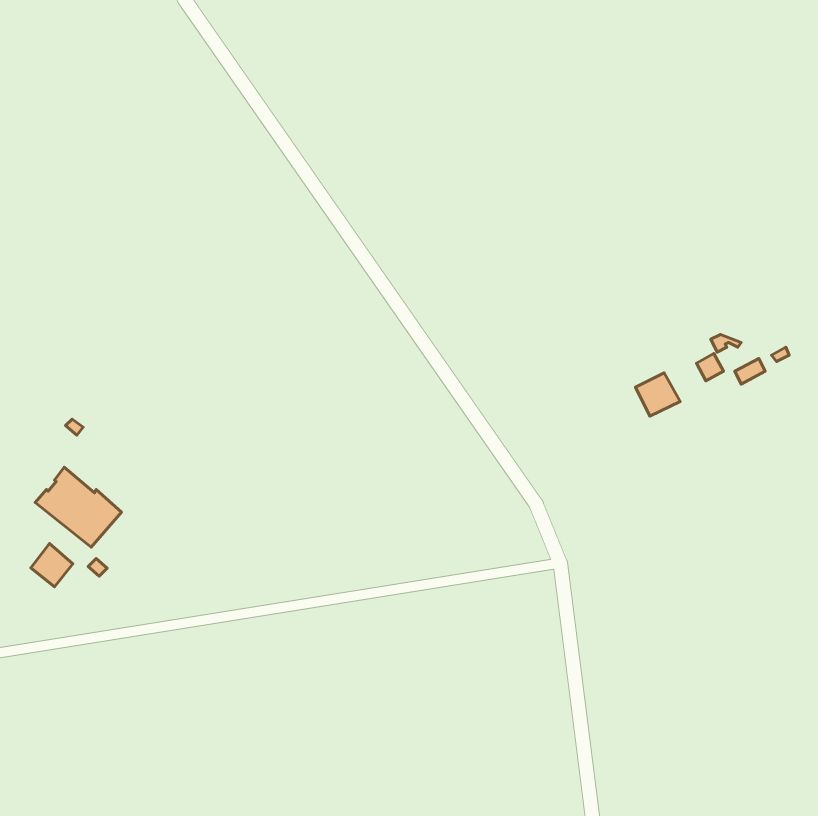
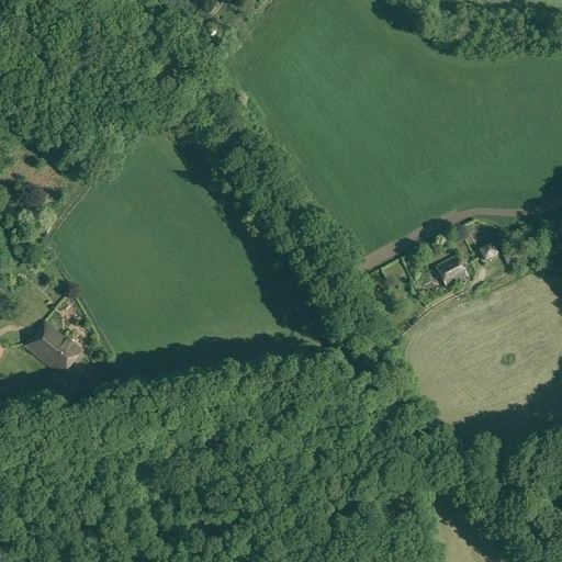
building: [31,544,73,587] -> none

